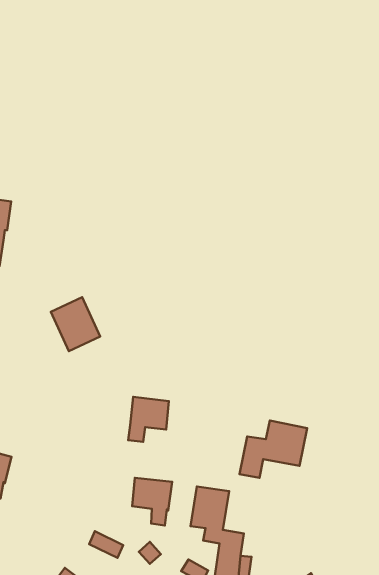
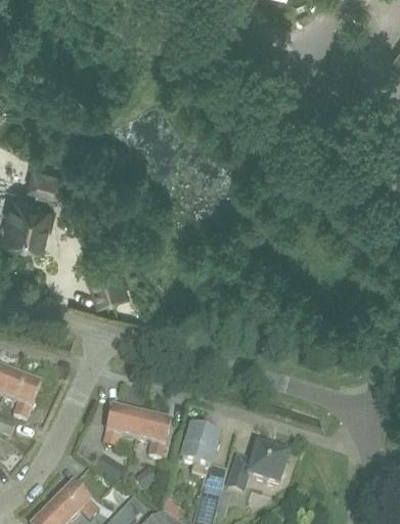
building: [128,397,169,442] -> [103,406,141,445]
building: [239,420,307,478] -> [227,443,288,490]

